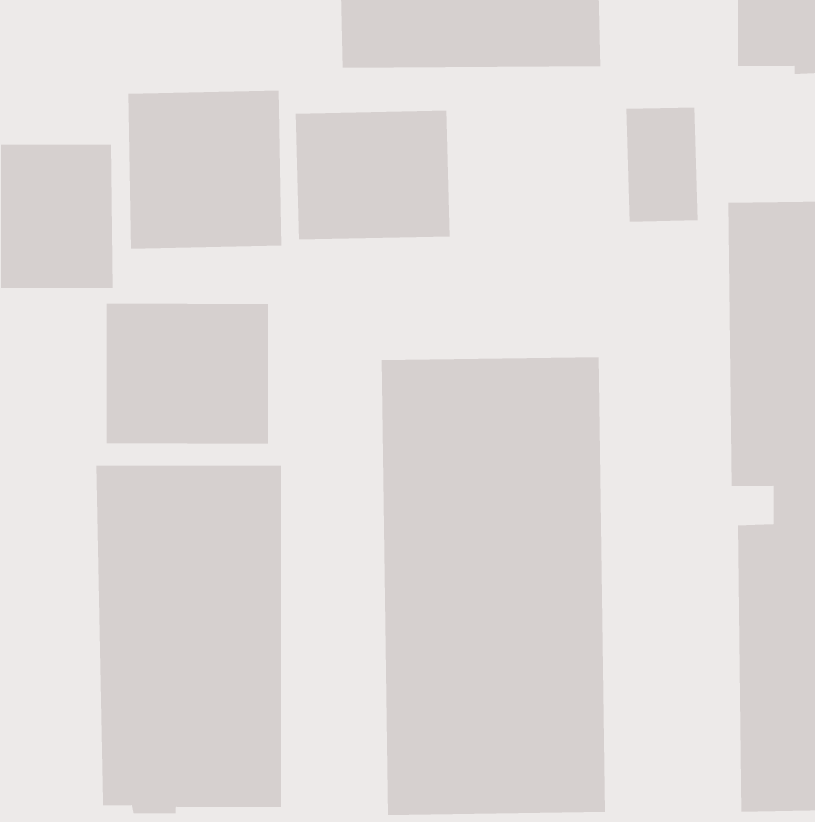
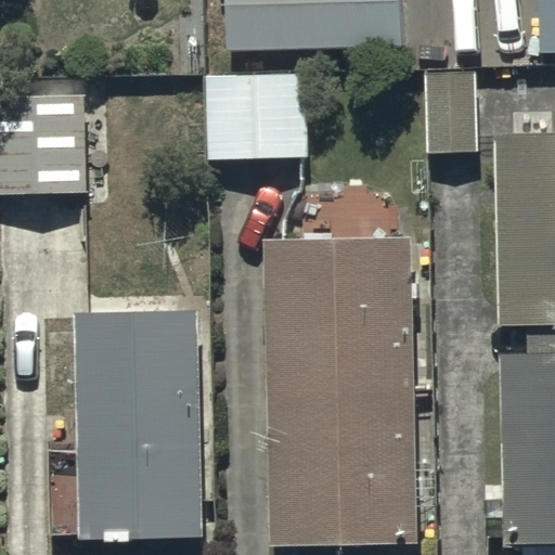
building: [128,90,282,249] -> none
building: [106,303,269,444] -> none

